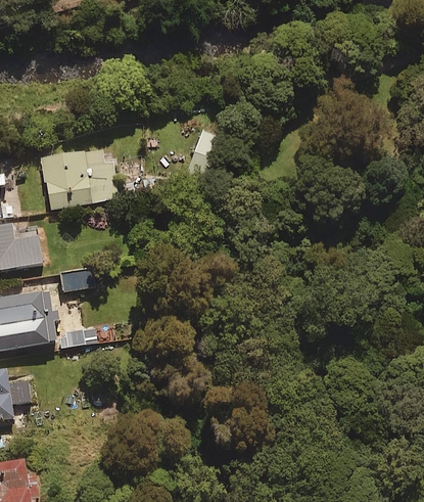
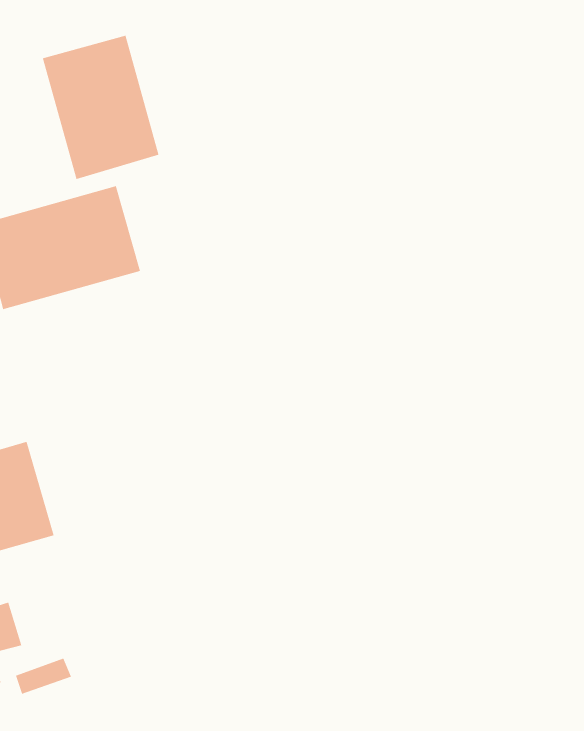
building: none -> [42,35,159,180]

